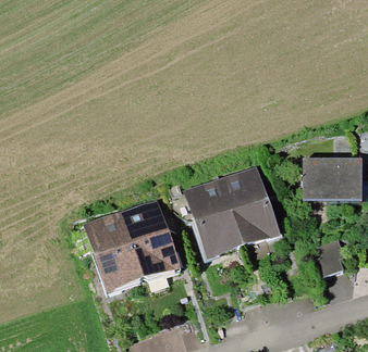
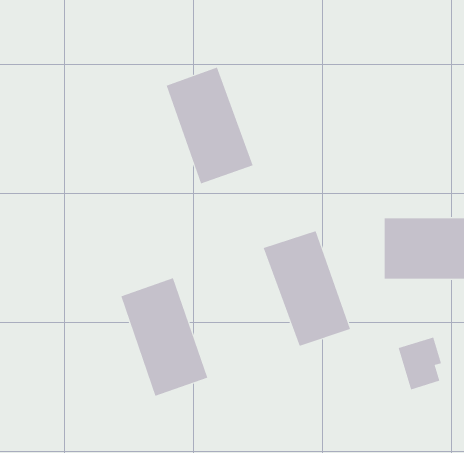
building: [183,178,244,260] -> [166,67,254,184]
building: [83,212,144,294] -> none

